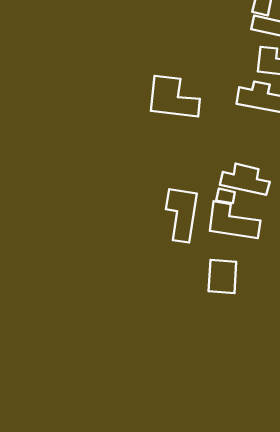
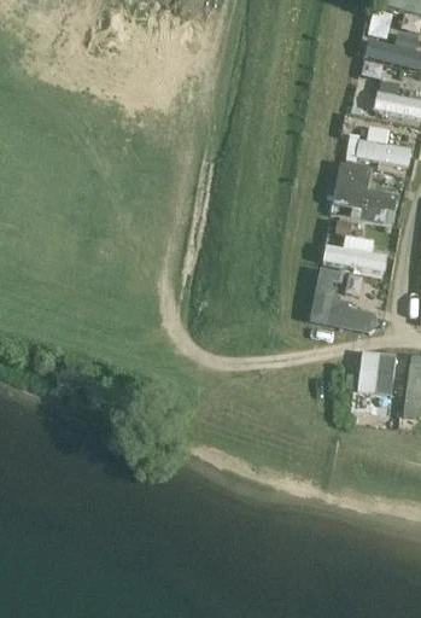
building: [151,76,200,116] -> [334,163,398,216]
building: [166,189,197,243] -> none
building: [209,260,236,293] -> [359,351,396,395]

